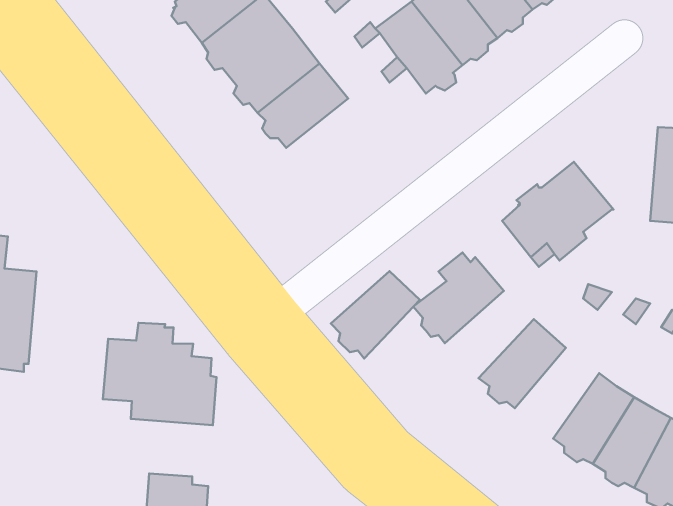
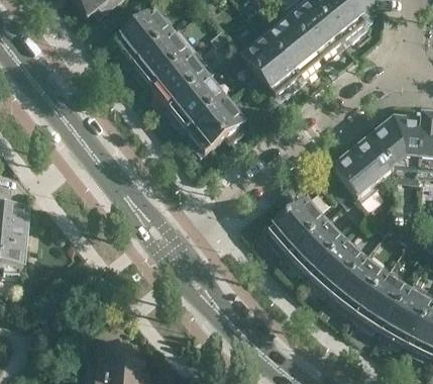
building: none -> [186,94,244,148]
building: none -> [368,110,422,172]
building: [331,271,420,358] -> [287,216,343,272]
building: [103,323,217,425] -> none
building: none -> [331,253,385,310]

